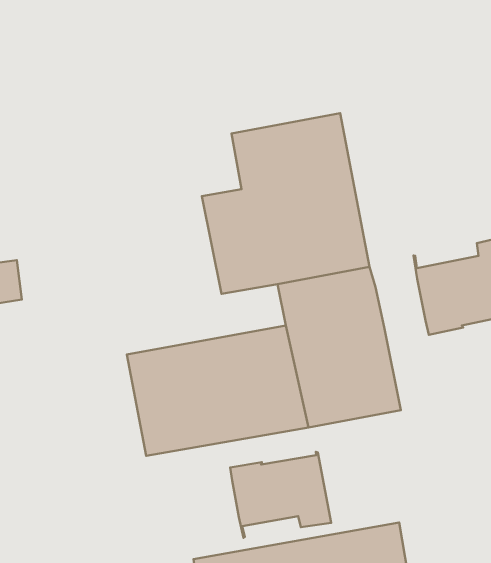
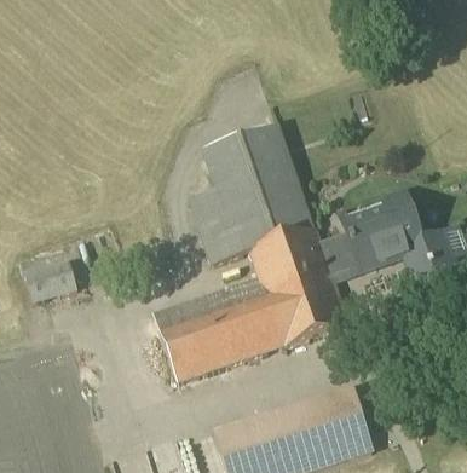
building: none -> [319,232,357,269]
building: [230,452,331,538] -> none

